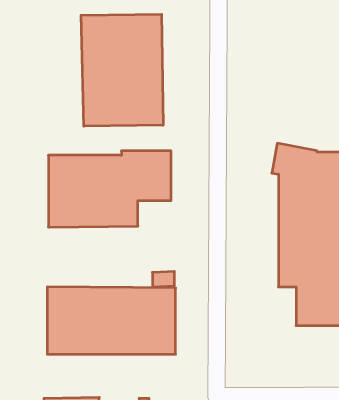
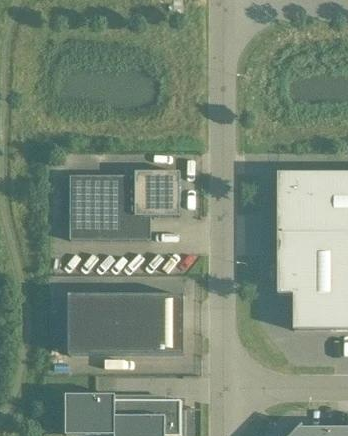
building: [81,14,163,126] -> none

